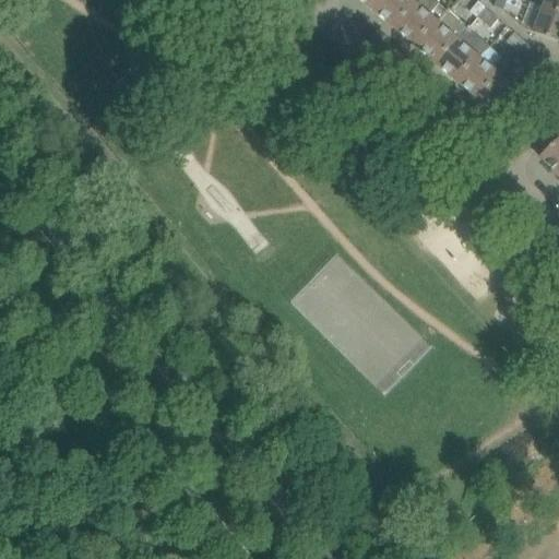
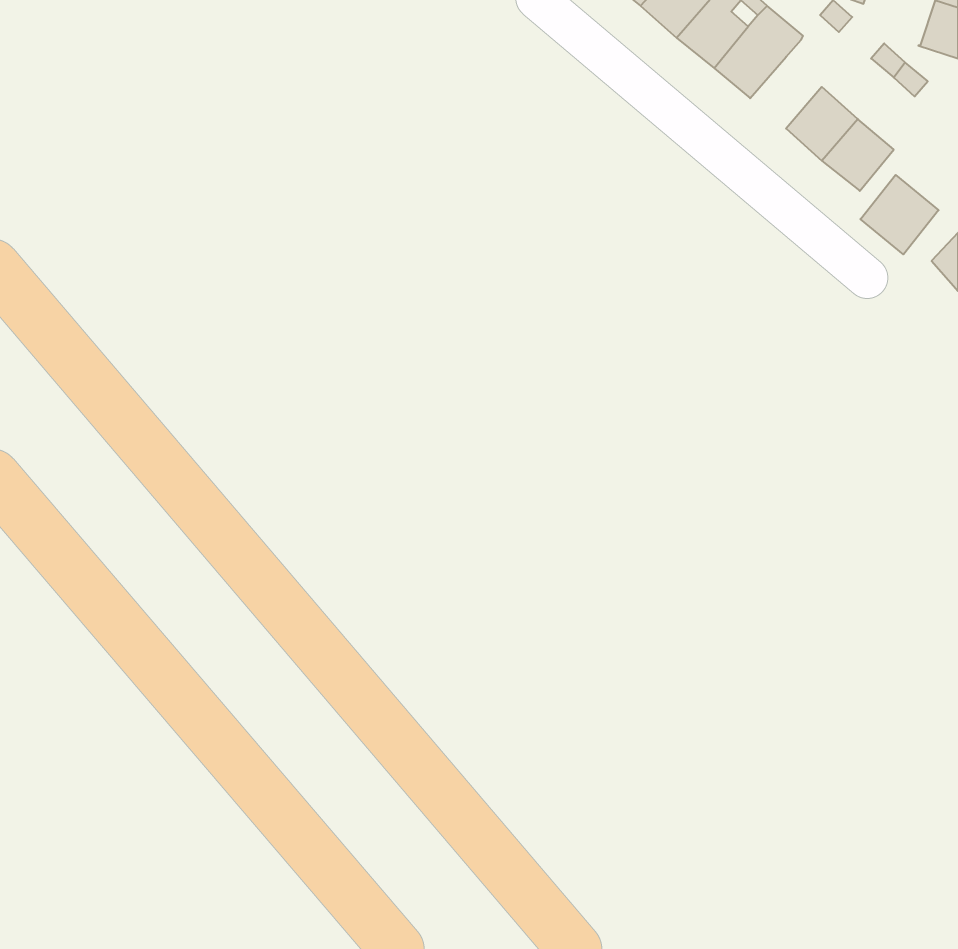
building: [433,21,475,74] -> none
building: none -> [860,175,939,254]

